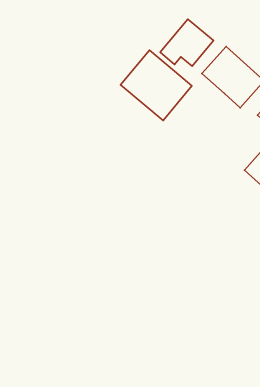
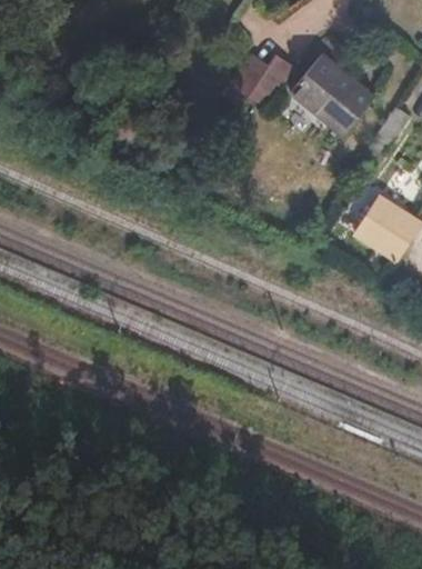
building: [121,50,192,120] -> none

